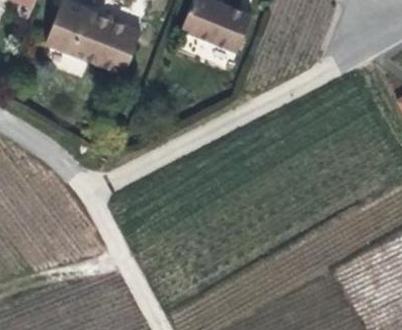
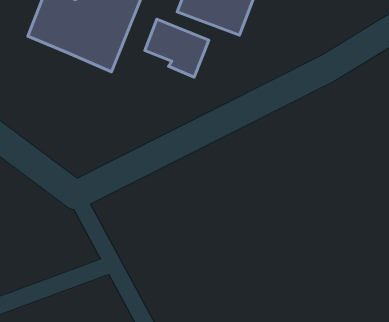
building: none -> [145,19,209,77]

